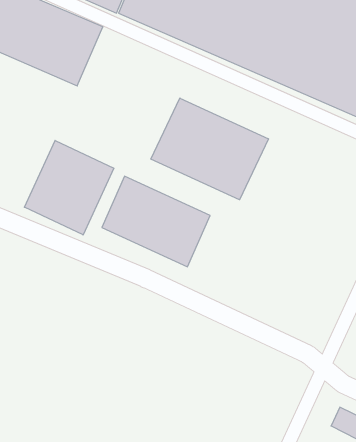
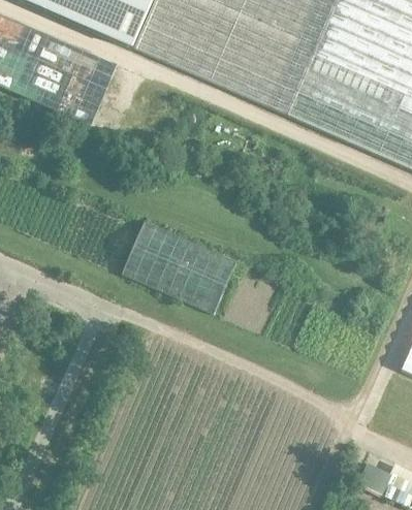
building: [151,98,268,200] -> none
building: [24,140,114,235] -> none

